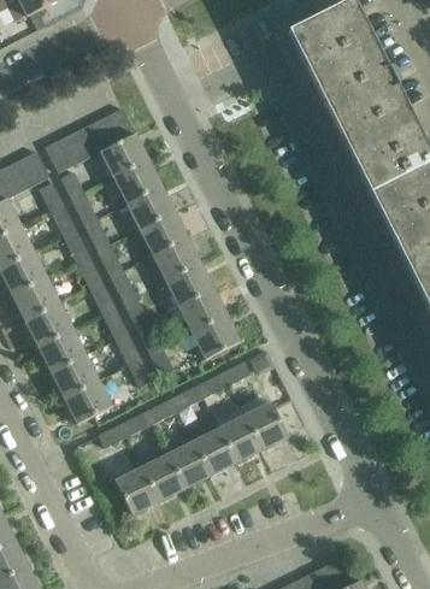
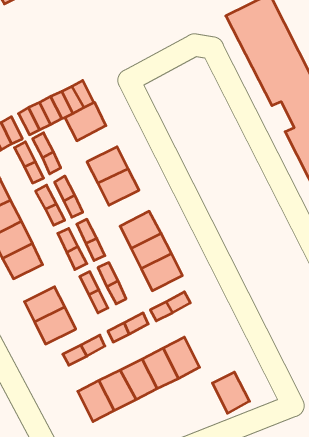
building: [113,161,161,205] -> none
building: [152,238,200,282] -> none
building: [37,328,87,372] -> none
building: [242,401,287,450] -> [212,372,250,413]

